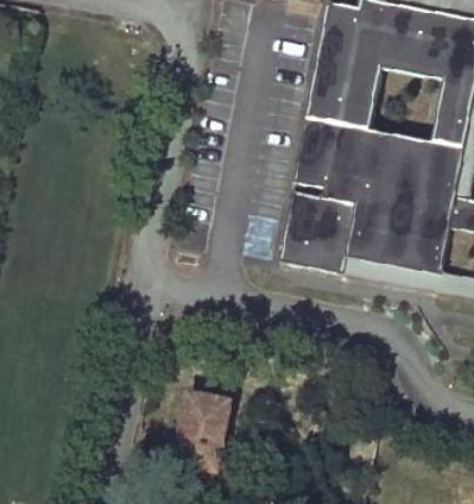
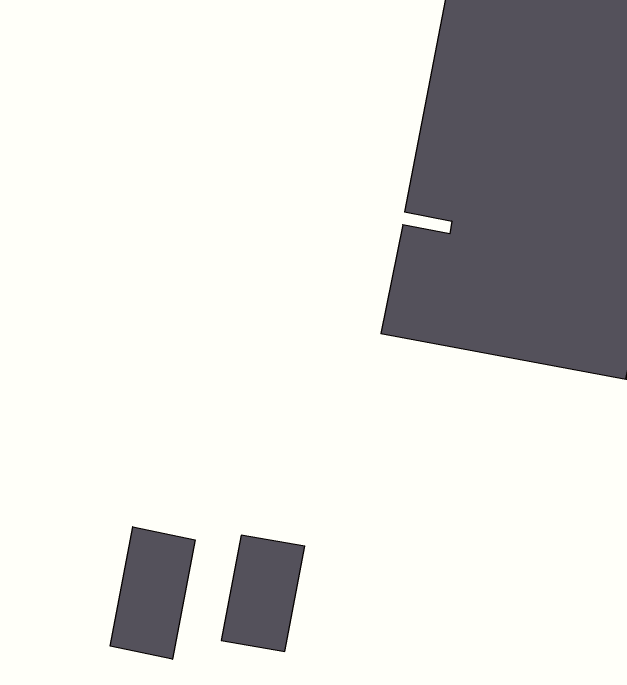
building: none -> [110,527,195,659]

